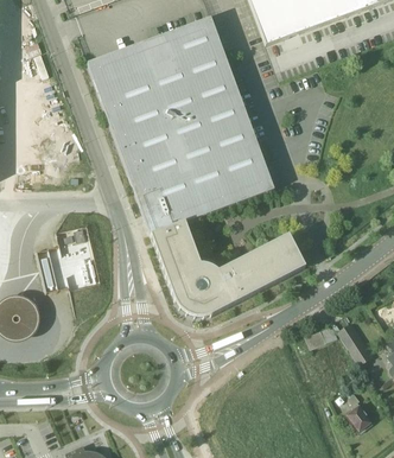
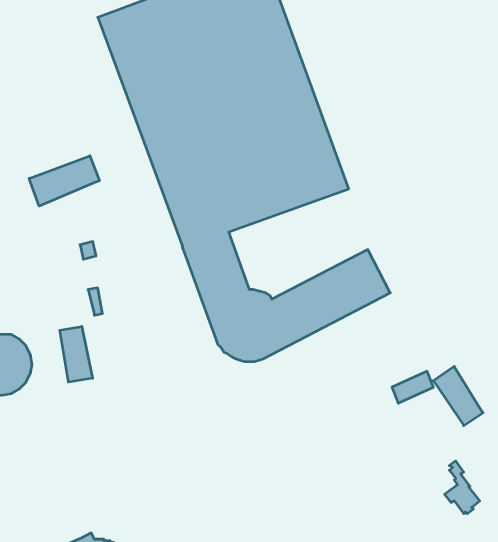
building: none -> [29,156,99,206]
building: none -> [60,326,93,382]

